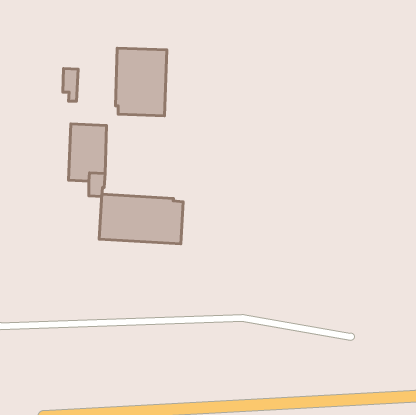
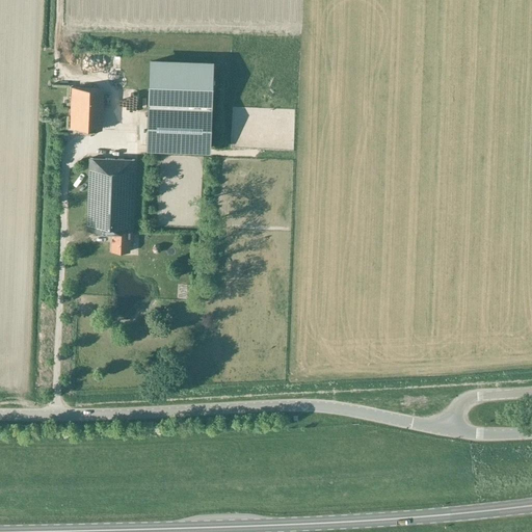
building: none -> [71,89,88,131]
building: [99,194,183,244] -> none

